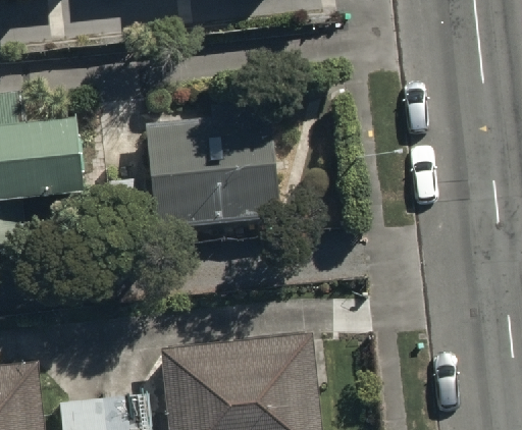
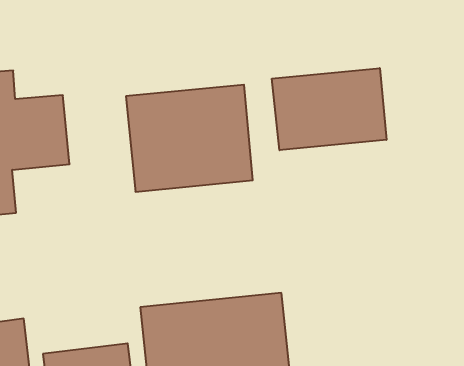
building: none -> [272,68,386,150]

